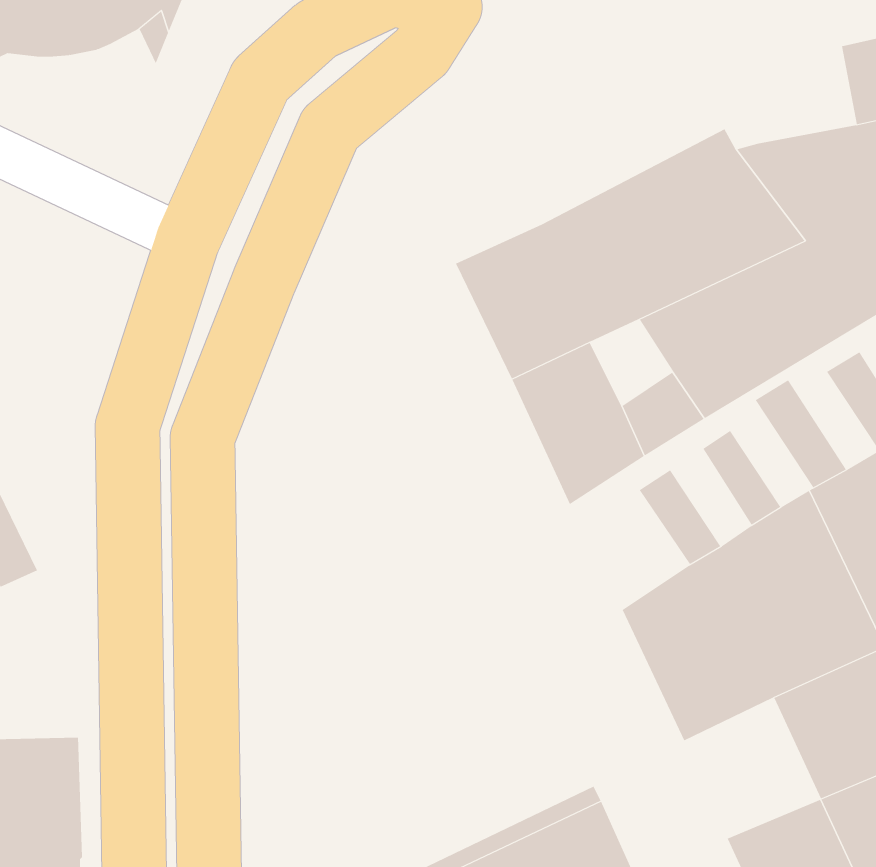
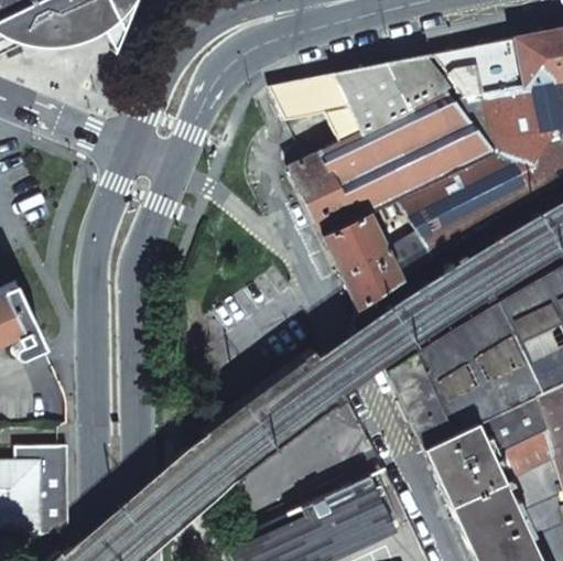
building: none -> [435,37,526,95]
building: none -> [270,54,453,142]
building: none -> [424,421,505,504]

